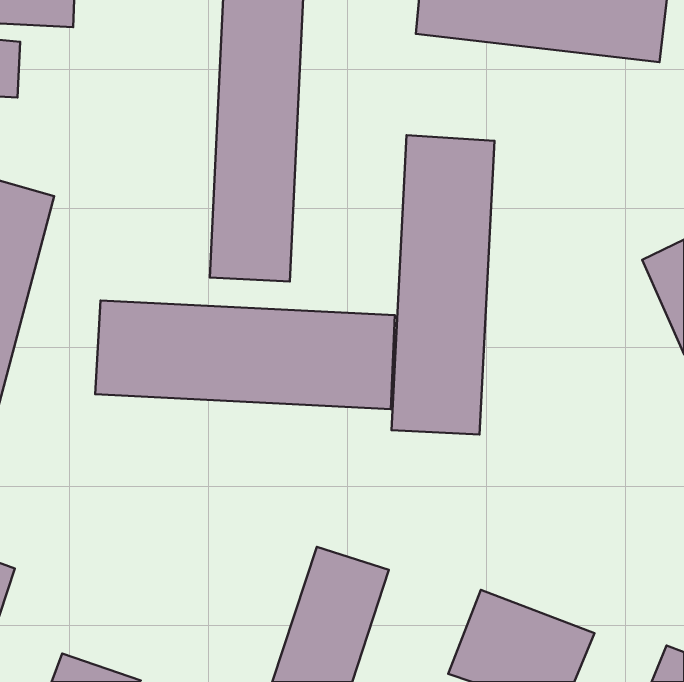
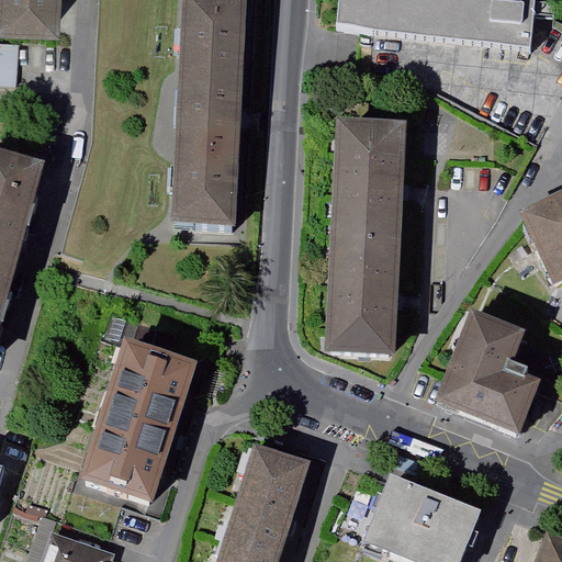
building: [95,301,395,409] -> none
building: none -> [438,307,546,436]
building: none -> [78,337,199,504]

